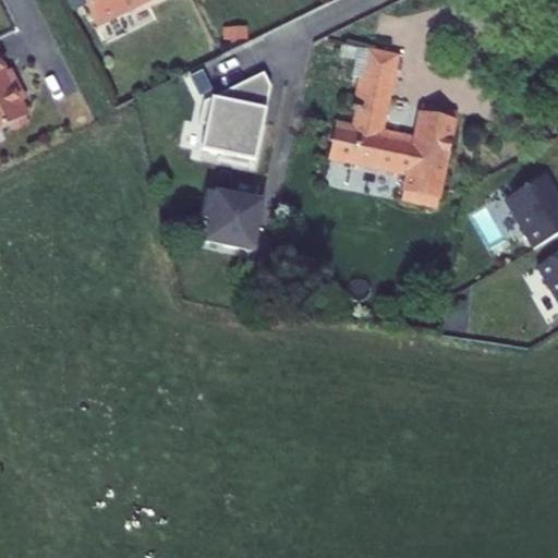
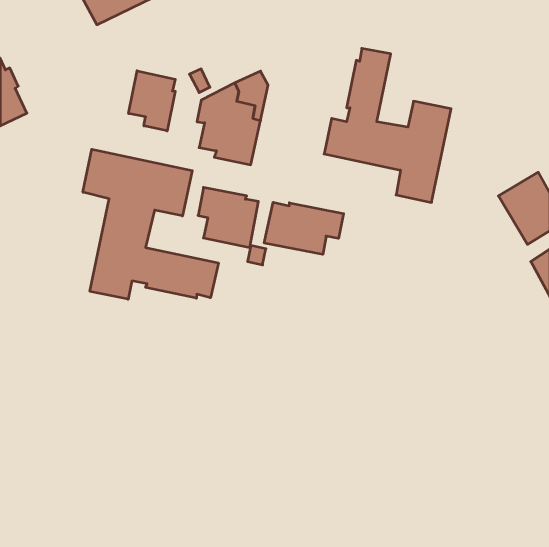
building: none -> [129,71,175,131]
building: none -> [83,149,218,299]
building: none -> [264,202,344,254]

